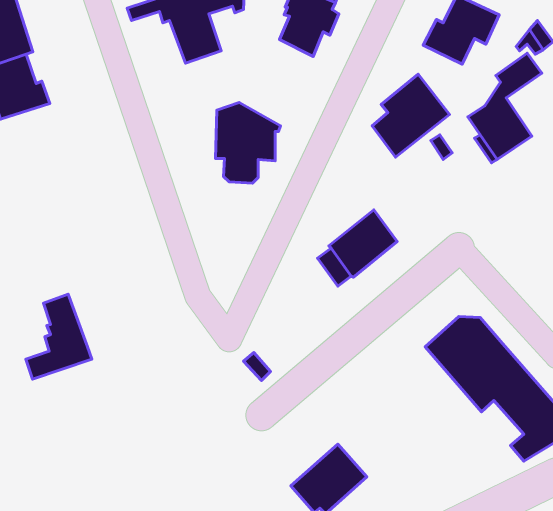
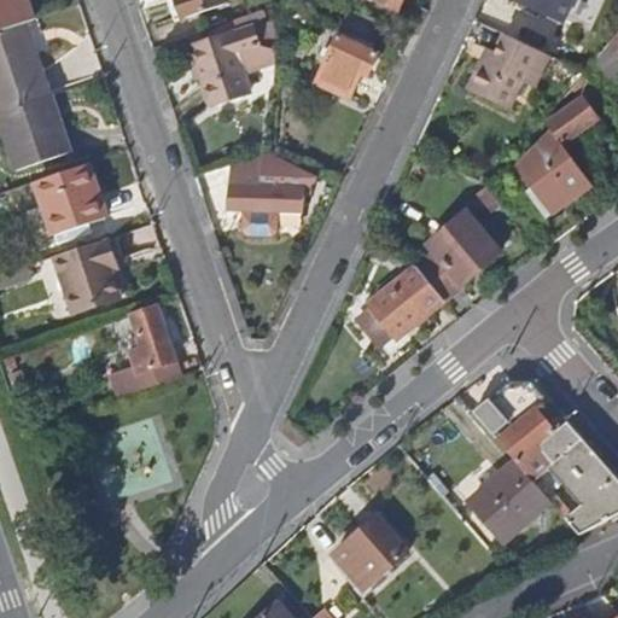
building: [372,74,449,157] -> [416,209,500,298]
building: none -> [36,163,104,234]
building: none -> [54,237,121,311]
building: [26,294,92,379] -> [111,304,182,396]
building: none -> [468,462,548,542]

